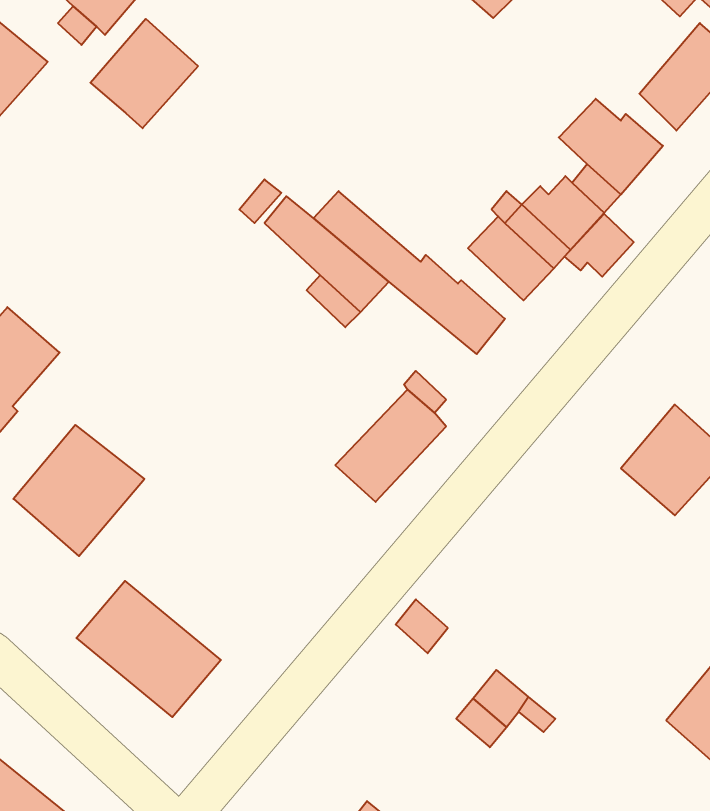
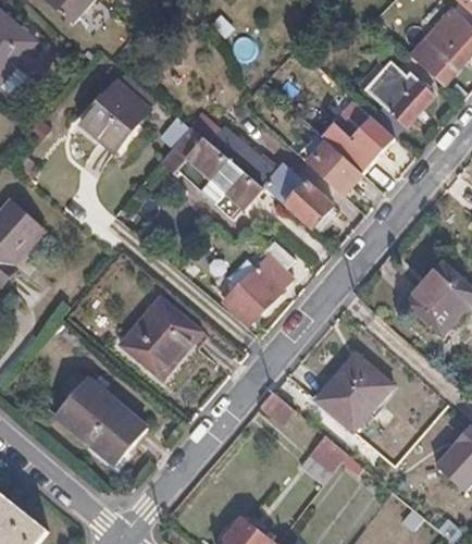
building: [90,19,198,128] -> [80,81,150,151]
building: [565,214,634,277] -> none
building: [13,425,144,556] -> [119,295,203,380]
building: none -> [320,353,393,429]

